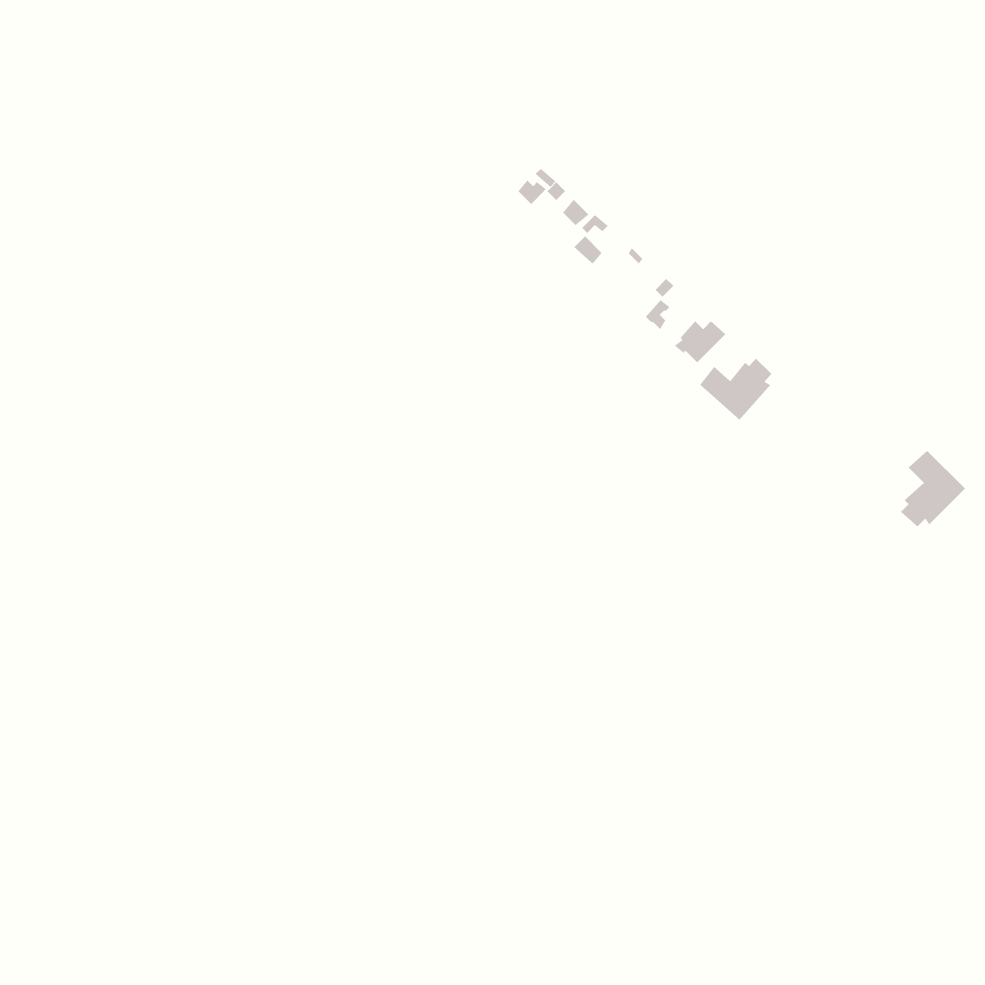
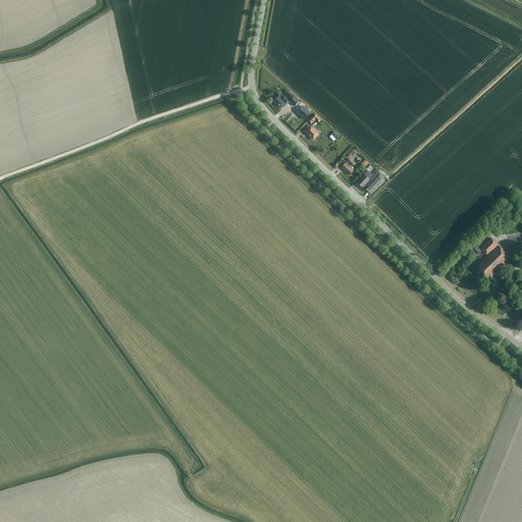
building: [699,358,772,421] -> none

